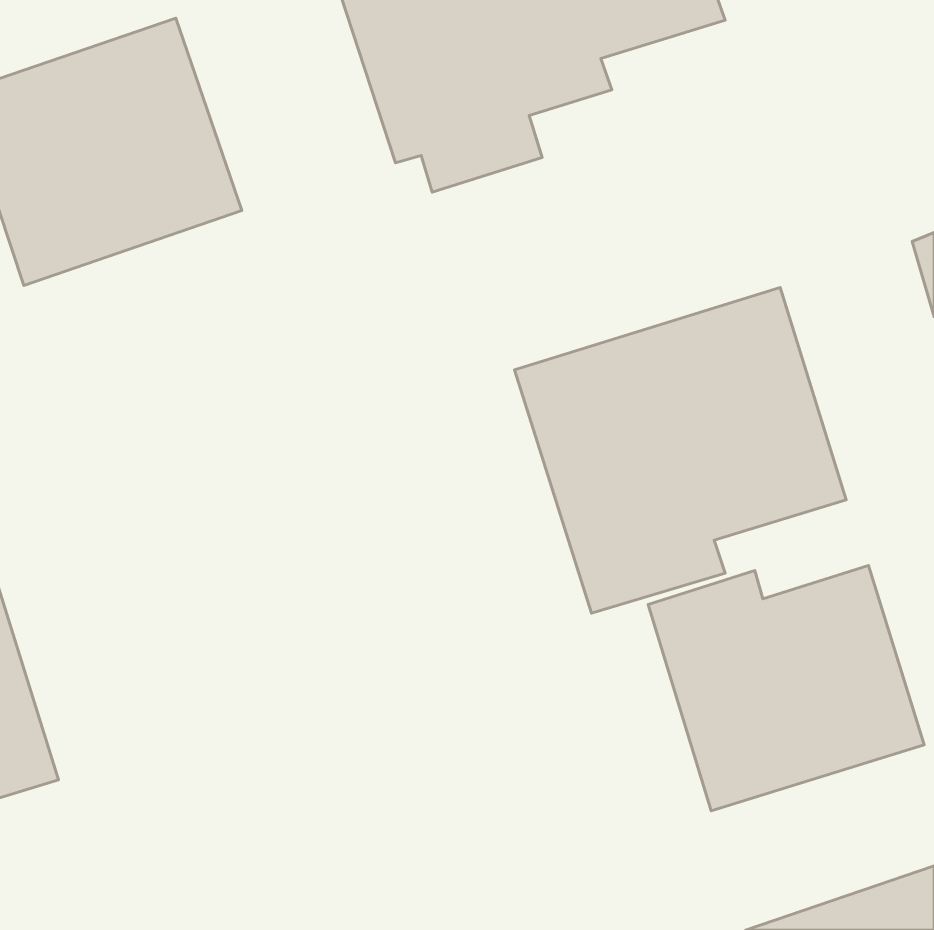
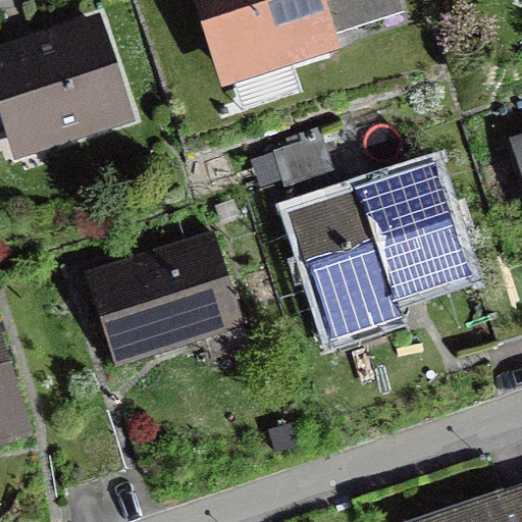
building: none -> [83,228,249,368]
building: [648,565,924,811] -> none

